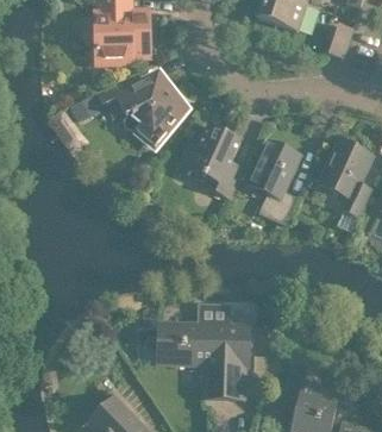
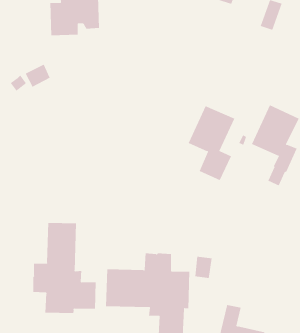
building: [96,70,186,144] -> none
building: [180,125,244,199] -> none
building: none -> [33,222,96,314]

